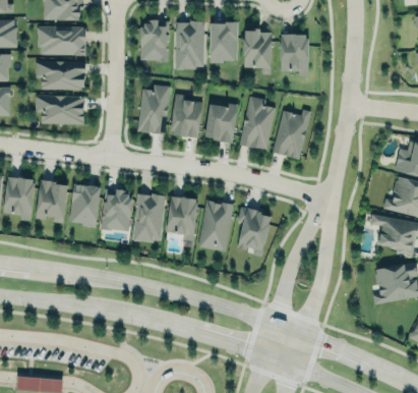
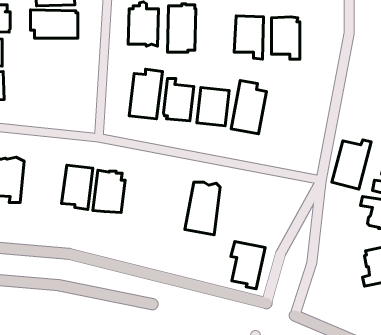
building: [211,20,238,62] -> none
building: [35,60,85,89] -> none
building: [36,96,85,125] -> none
building: [272,109,311,159] -> [332,140,371,189]
building: [37,178,68,222] -> none
building: [132,193,166,242] -> none
building: [167,195,198,241] -> none
building: [237,209,272,257] -> [231,241,265,289]

